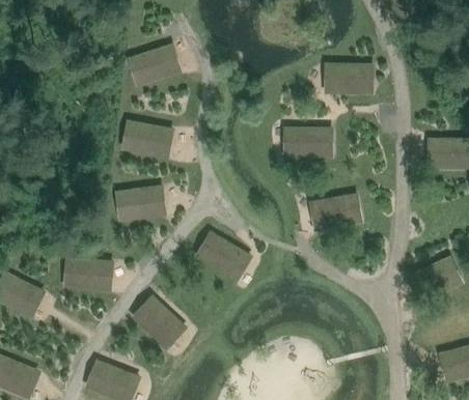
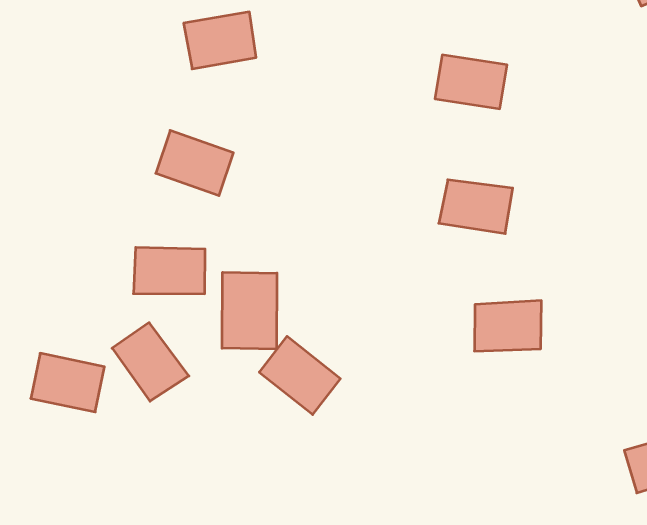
building: [333,64,373,91] -> [435,55,507,109]
building: none -> [222,272,277,349]
building: [135,297,182,343] -> [112,323,189,401]

